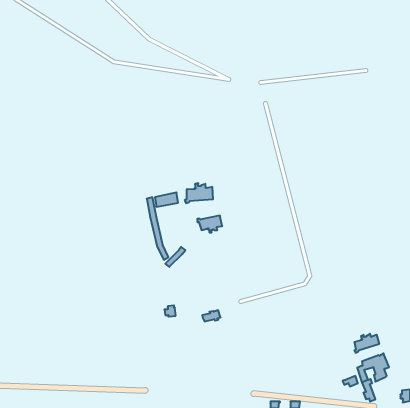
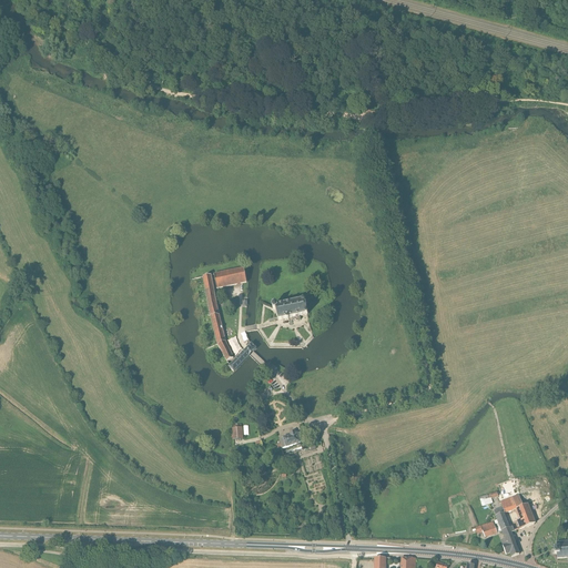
building: [185,183,213,203] -> none
building: [354,334,379,353] -> none

